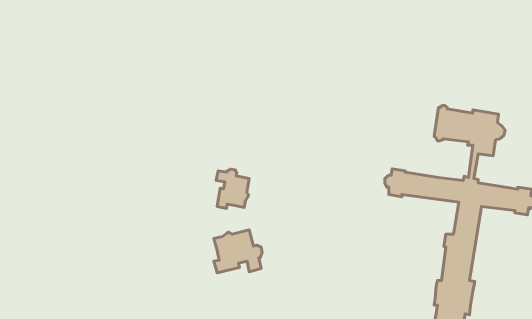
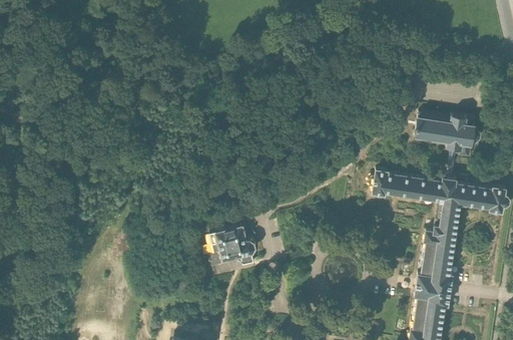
building: [216,169,249,209] -> none

